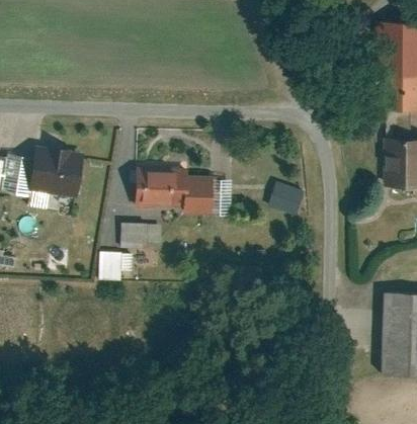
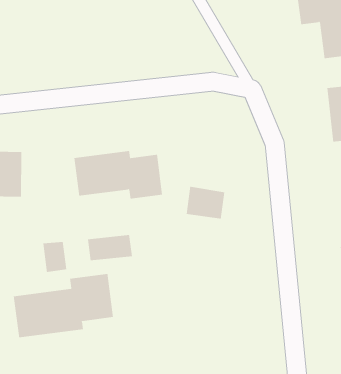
building: [263,178,304,214] -> [186,186,225,219]
building: [117,221,159,243] -> [87,235,133,261]
building: none -> [13,273,114,338]

